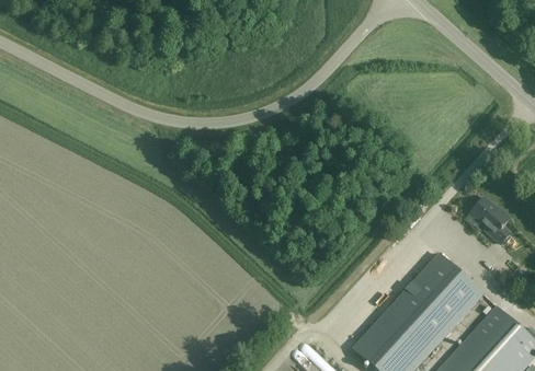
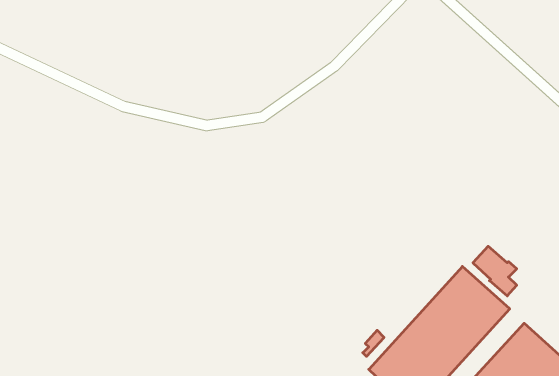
building: [469,196,510,242] -> [473,246,517,296]

